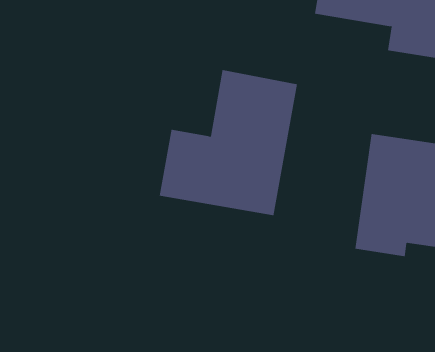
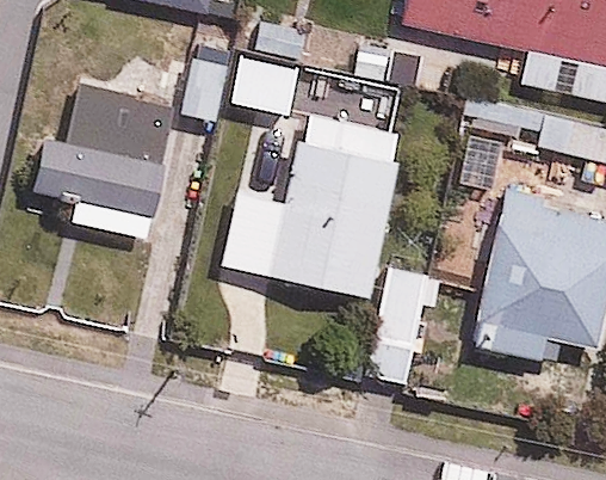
building: none -> [26,91,179,214]

